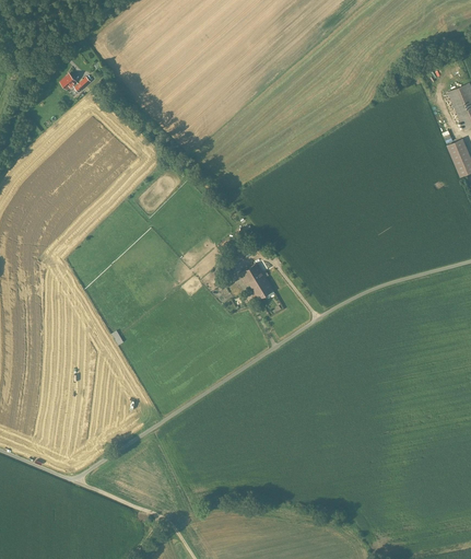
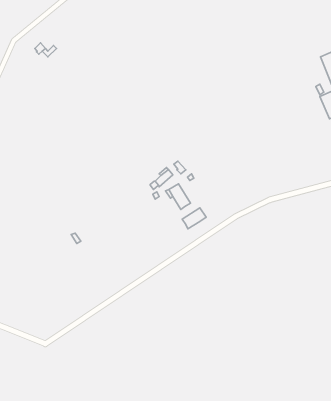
building: none -> [182,208,206,229]

